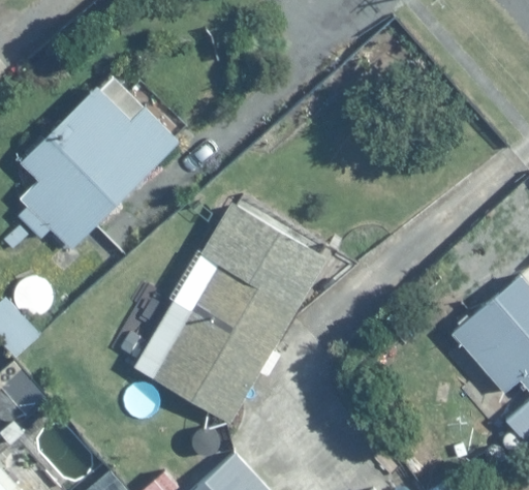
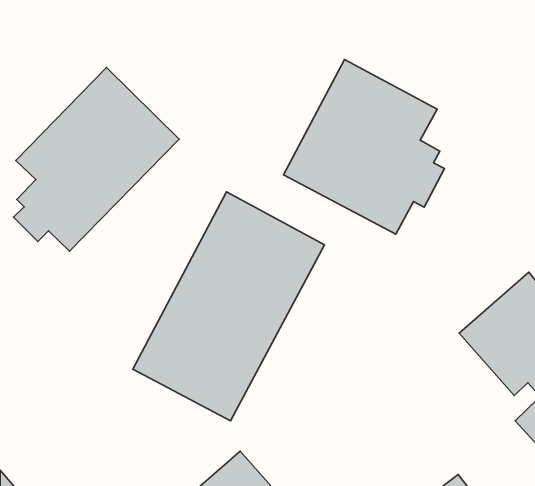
building: none -> [284,60,444,234]

